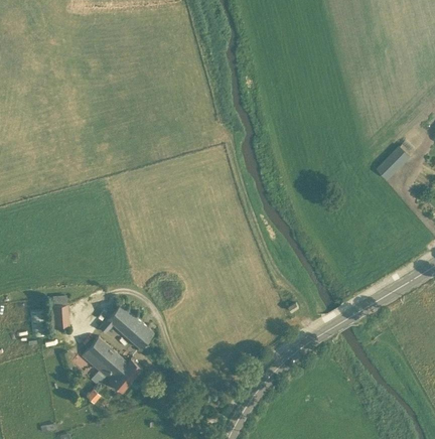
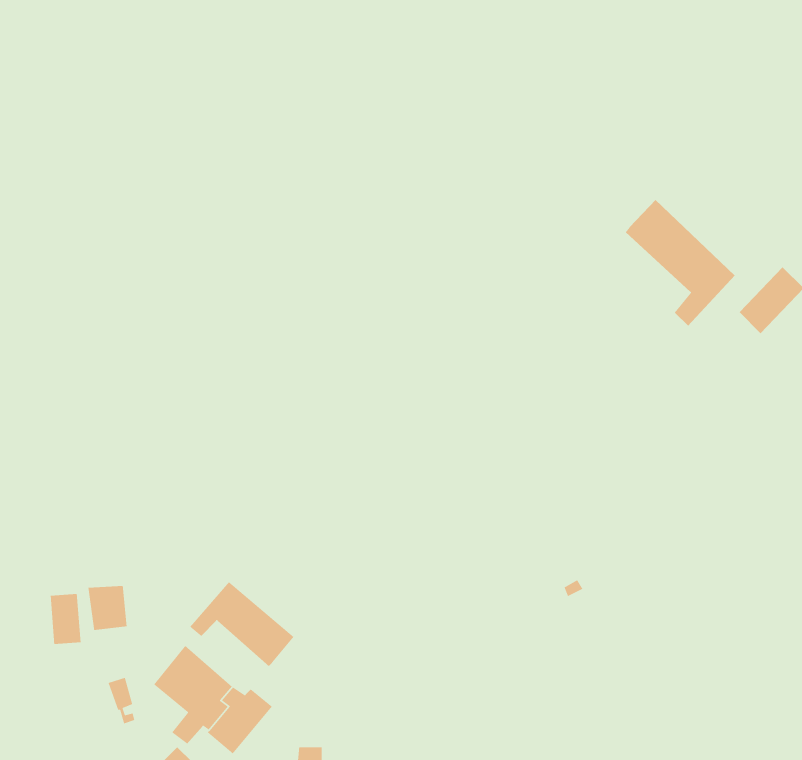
building: none -> [625,199,736,326]

